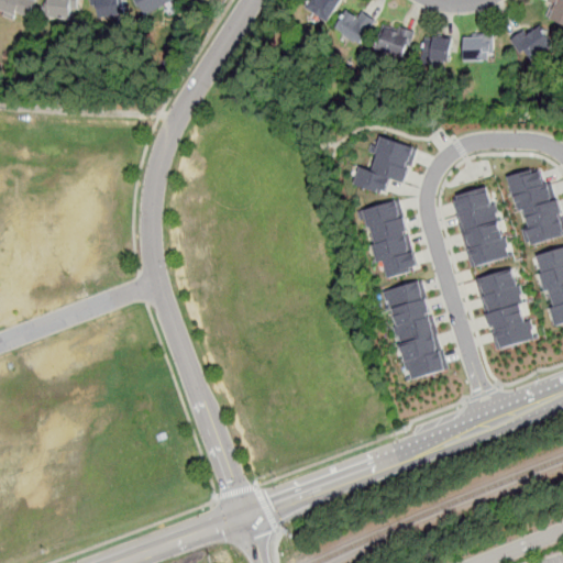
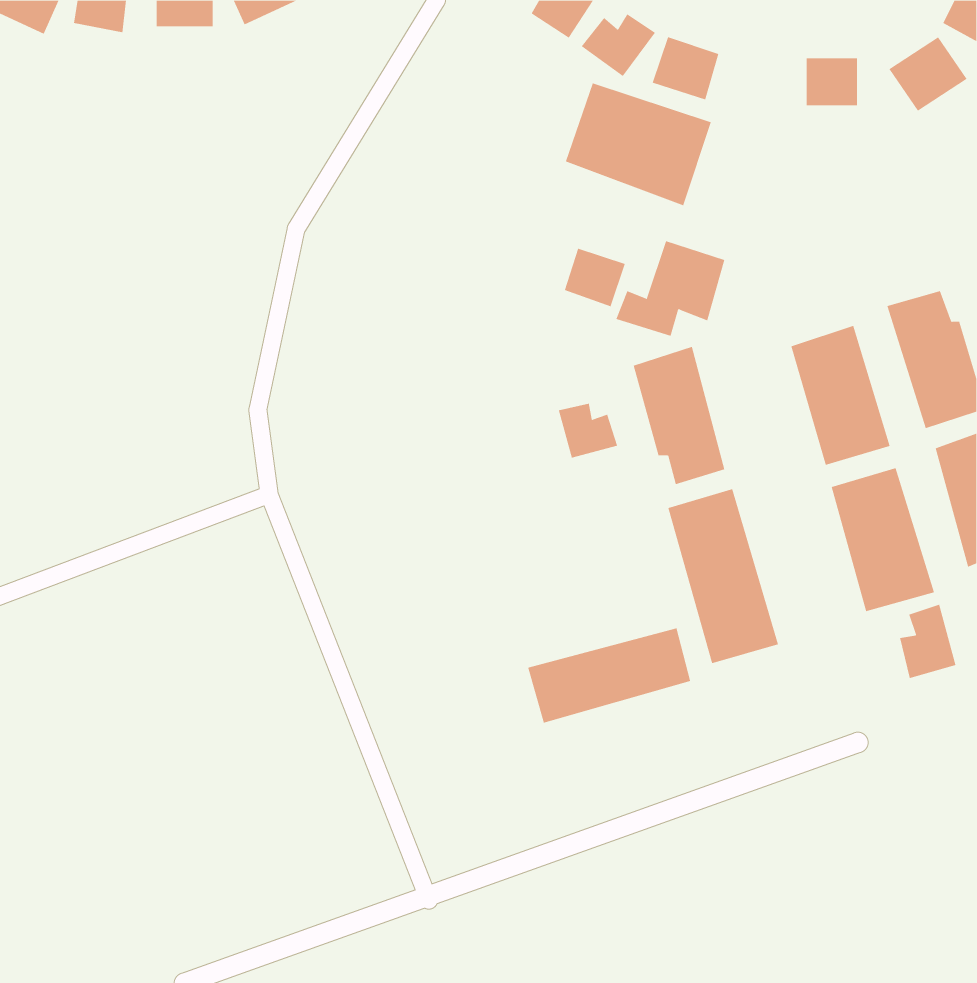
building: [421,36,449,60] -> none
building: none -> [565,82,712,206]
building: none -> [564,248,626,307]
building: none -> [558,403,618,459]
building: none -> [899,604,956,679]
building: none -> [528,627,691,723]

